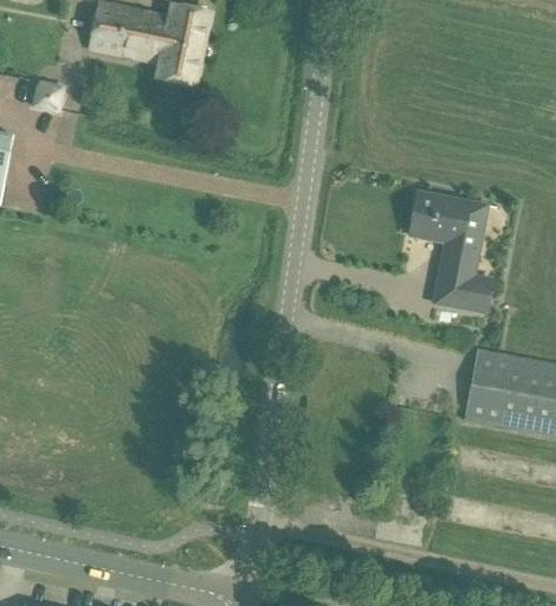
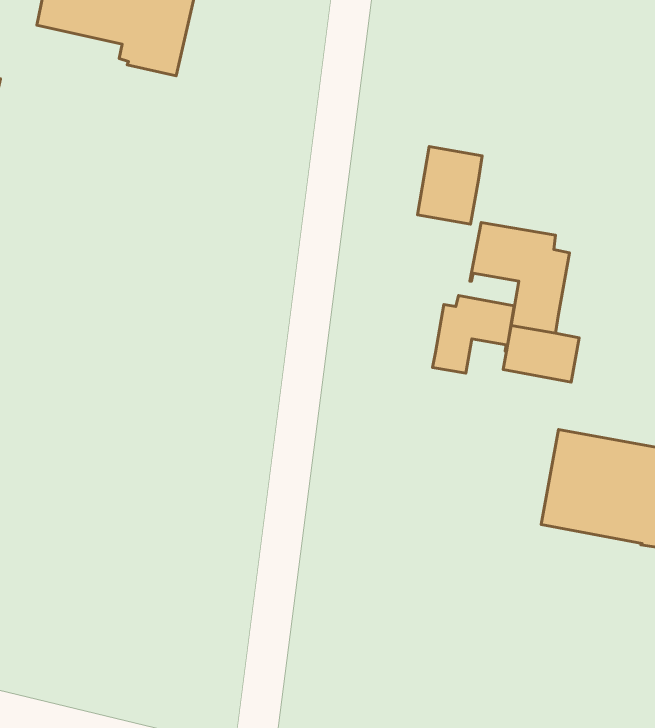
building: none -> [418,146,482,224]
building: none -> [433,296,514,373]

